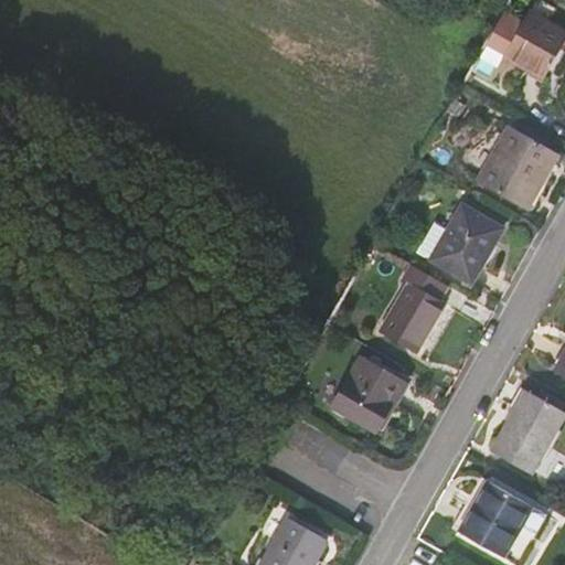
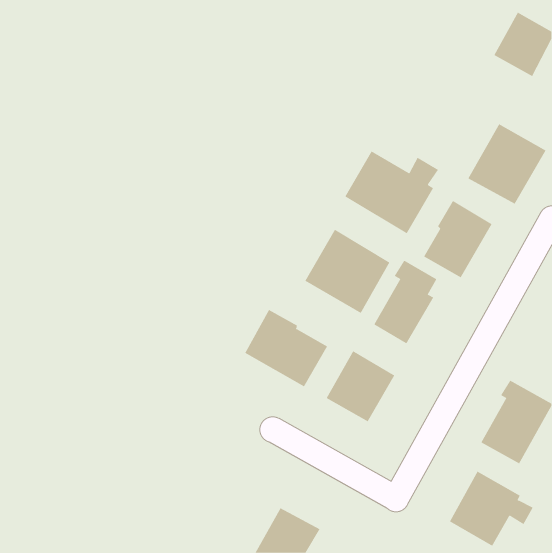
building: none -> [345,151,439,234]
building: none -> [305,229,390,314]
building: none -> [244,309,328,387]

